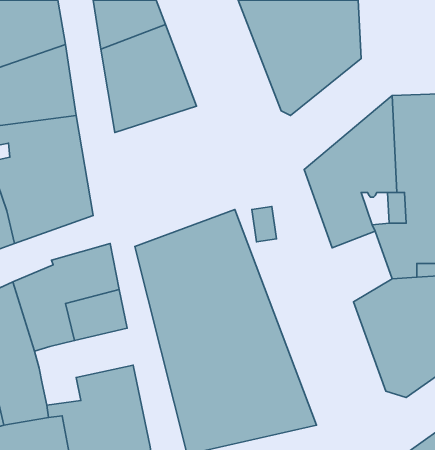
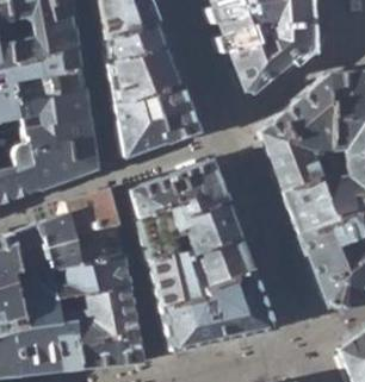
building: none -> [116,82,197,156]
building: none -> [284,179,330,233]
building: none -> [57,253,130,296]

